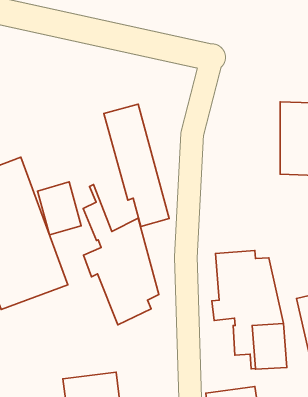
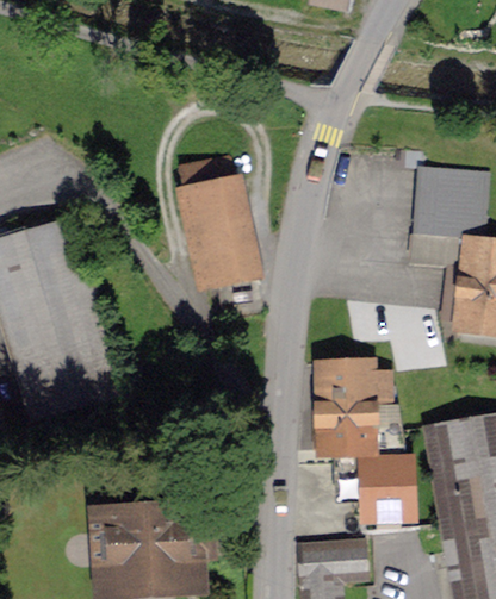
building: [38,182,81,235] -> none
building: [83,185,159,325] -> none

